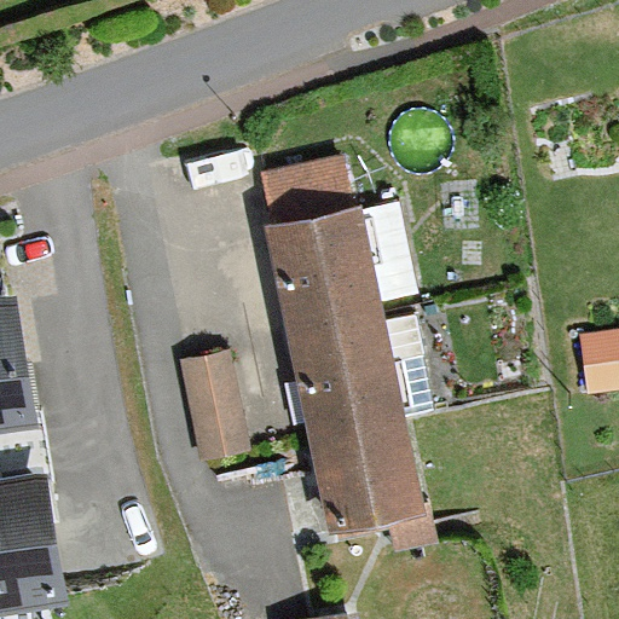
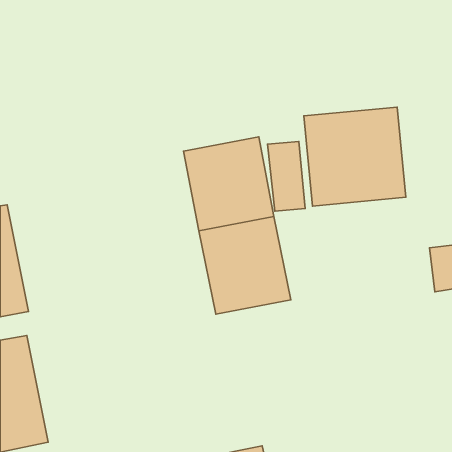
building: none -> [304,107,406,206]
building: [181,349,250,459] -> none
building: [299,412,420,536] -> none

